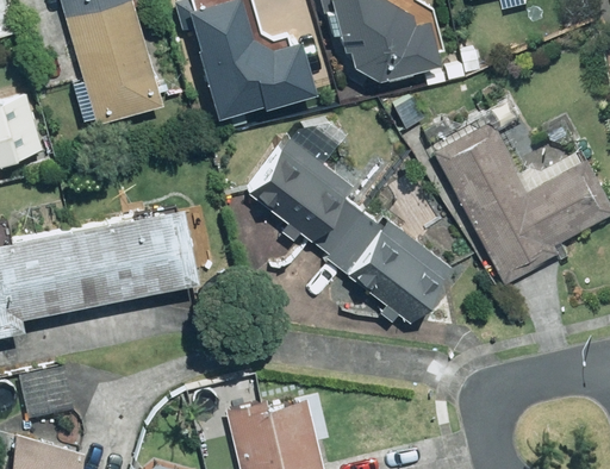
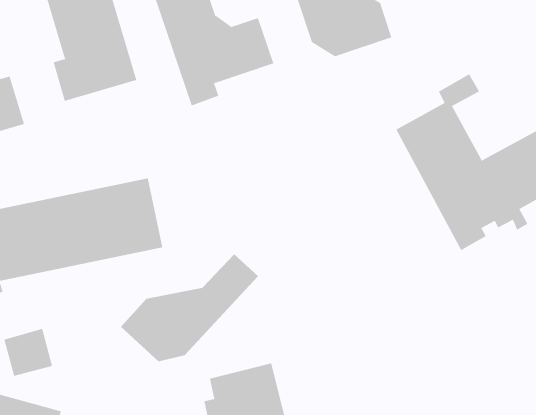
building: [248,107,450,323] -> none
building: none -> [120,253,259,362]

